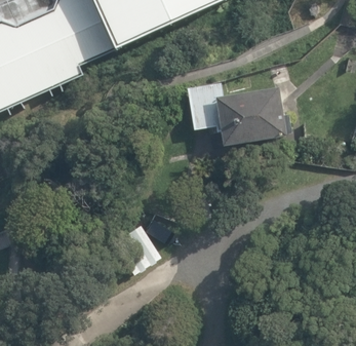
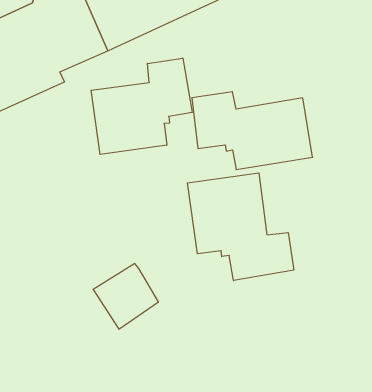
building: none -> [91,58,192,154]
building: none -> [188,173,294,281]

